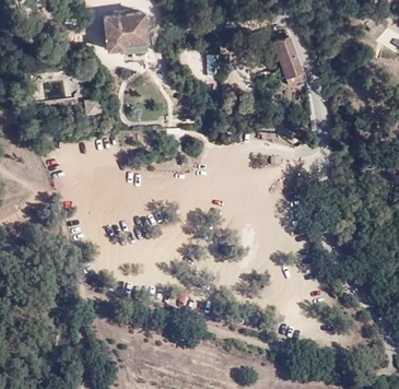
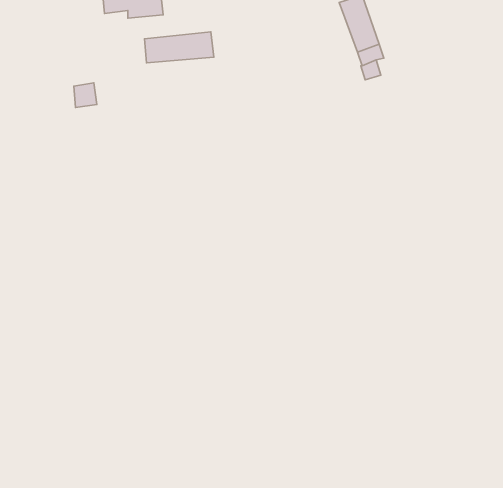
building: none -> [144,32,214,63]

